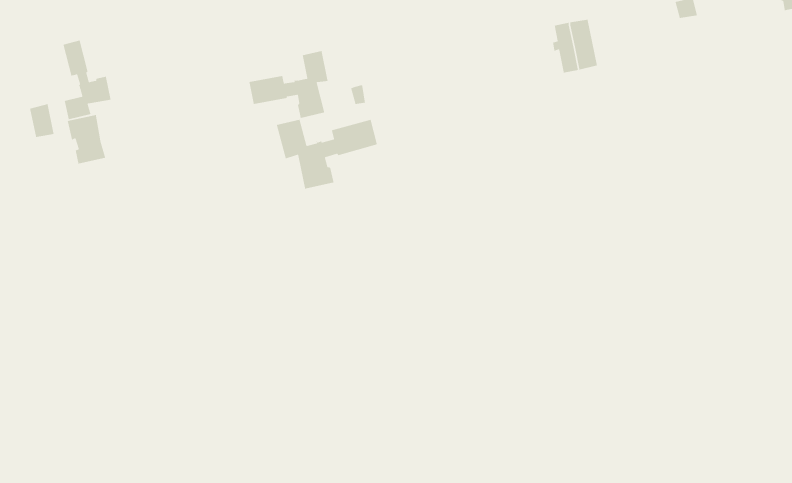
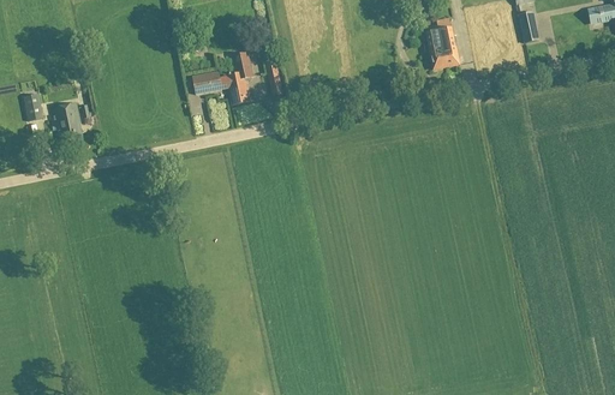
building: [63,40,111,120] -> none
building: [276,119,378,189] -> none

